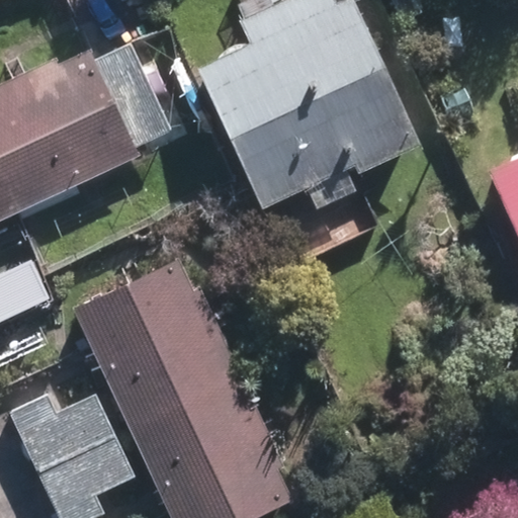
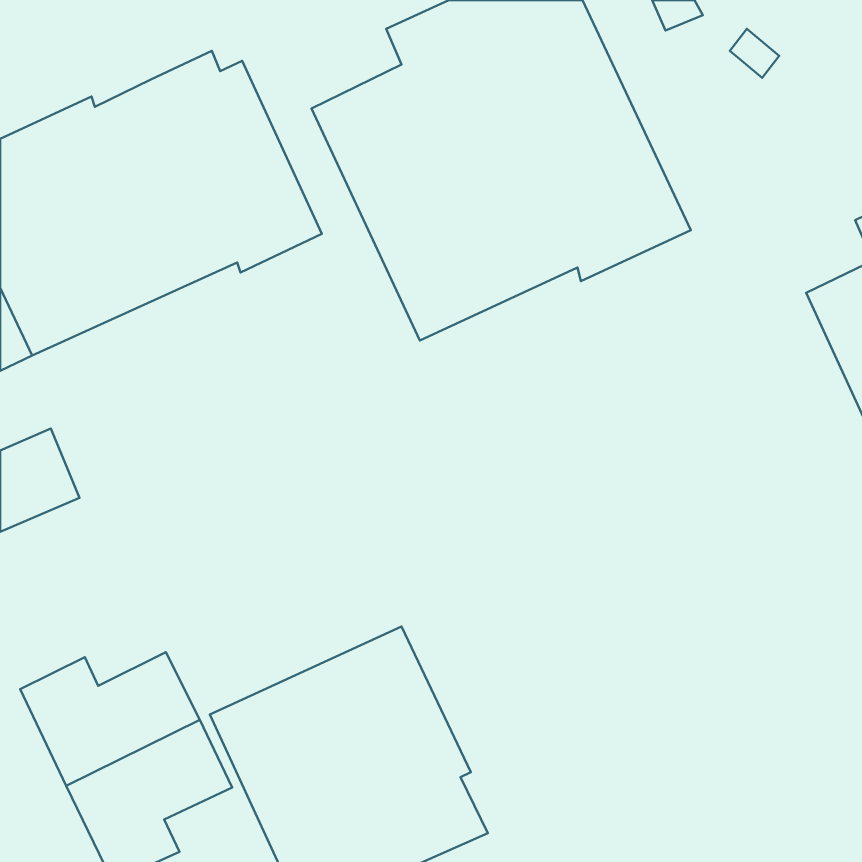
building: [71,258,242,429] -> none

